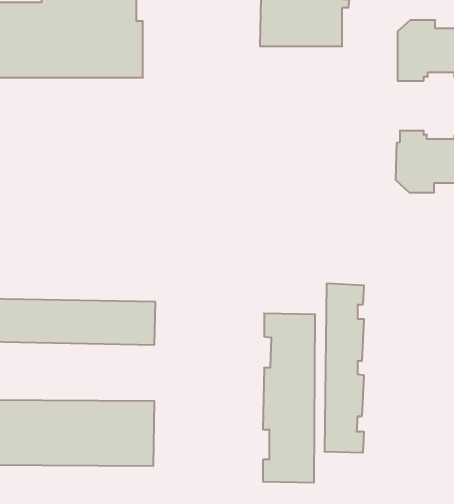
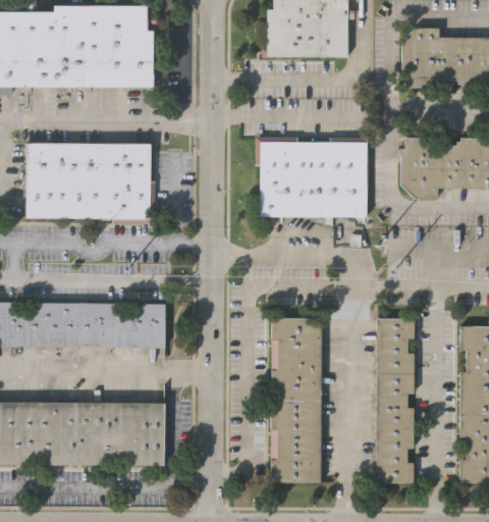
building: none -> [255,135,367,215]
building: none -> [25,143,157,223]
building: [324,284,364,453] -> [375,319,414,484]

